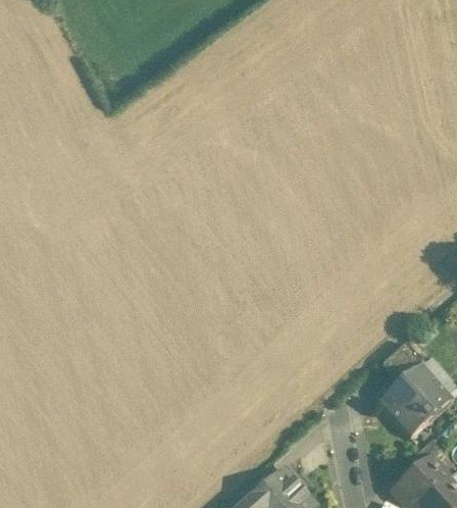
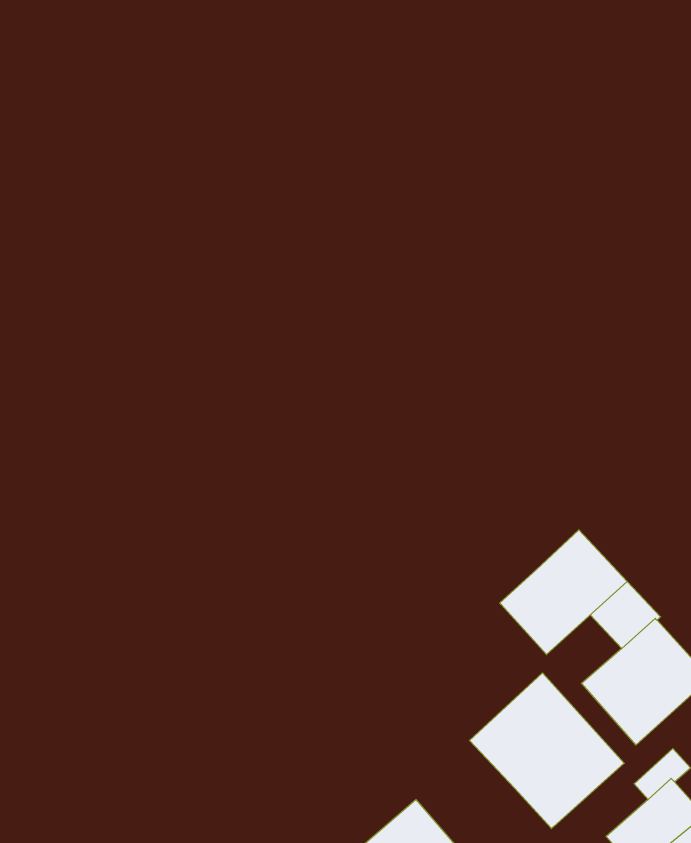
building: none -> [500,530,627,655]
building: none -> [470,673,624,829]

